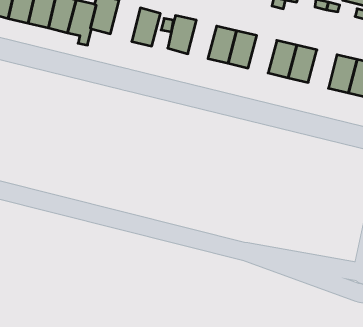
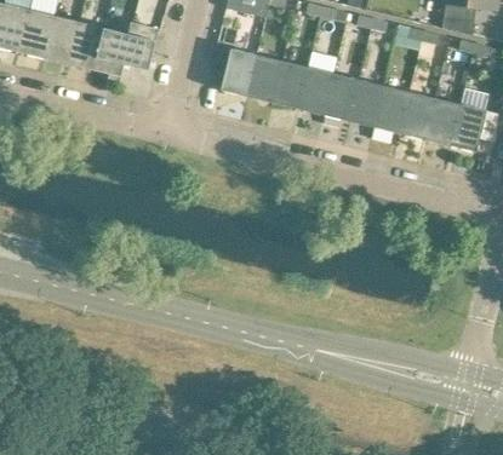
building: [132,8,160,46] -> [246,53,282,102]
building: none -> [322,73,359,120]
building: none -> [399,91,435,139]

